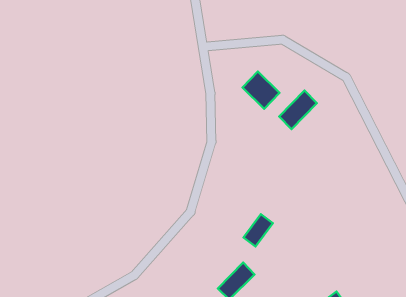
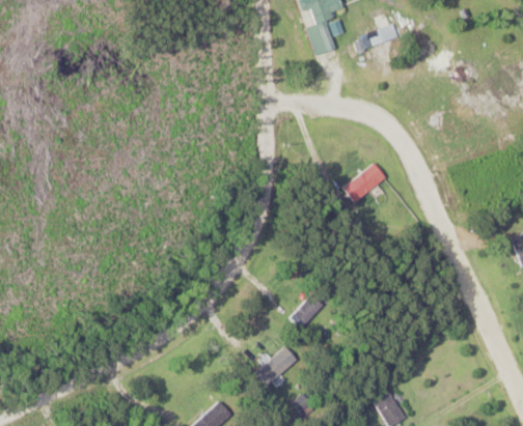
building: [243,72,279,109] -> none

